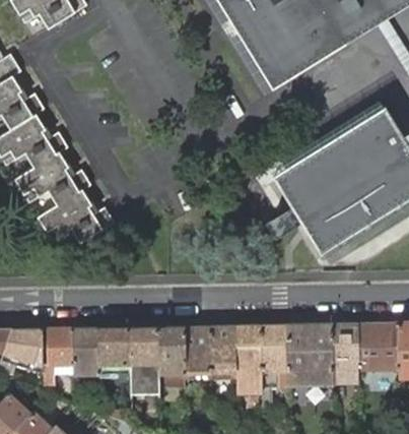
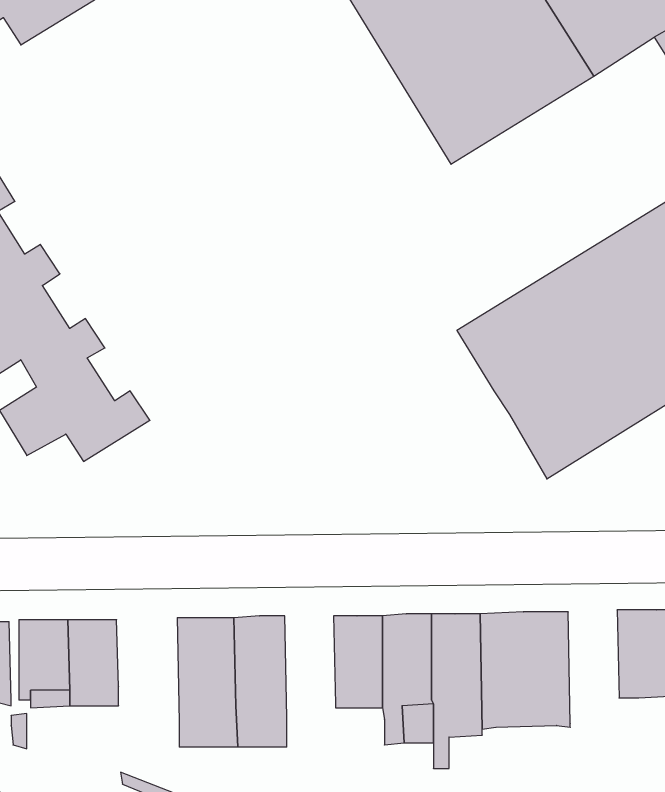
building: [333,322,359,382] -> none
building: [186,325,212,379] -> none
building: [98,326,131,380] -> none

